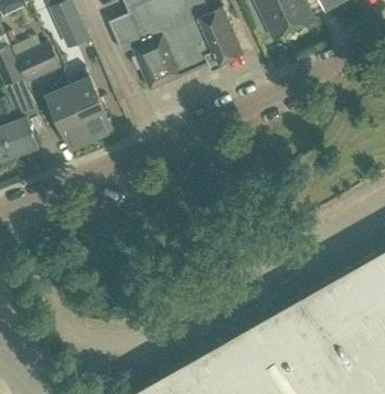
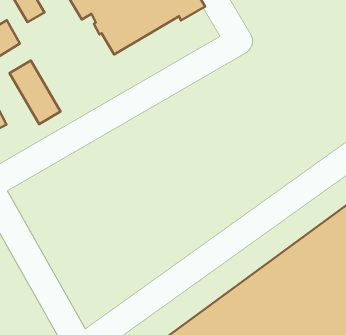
building: [68,67,114,140] -> none

